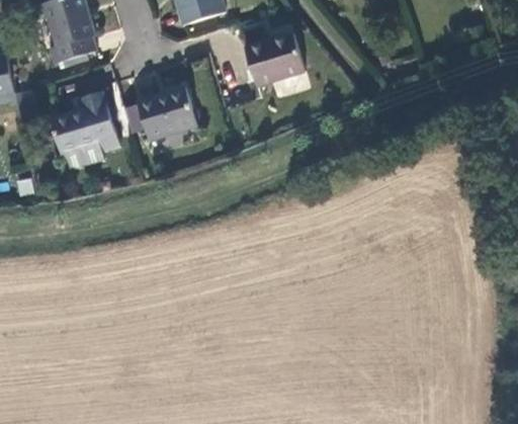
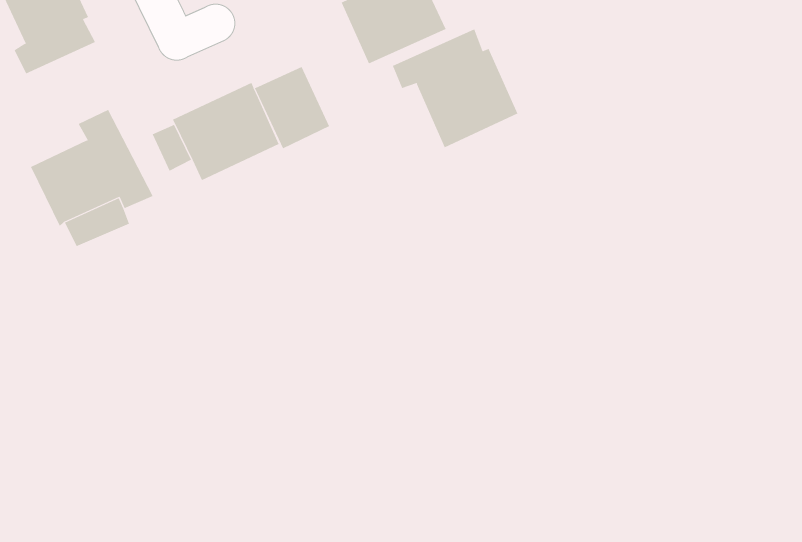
building: none -> [392,28,518,148]
building: none -> [254,66,330,149]

